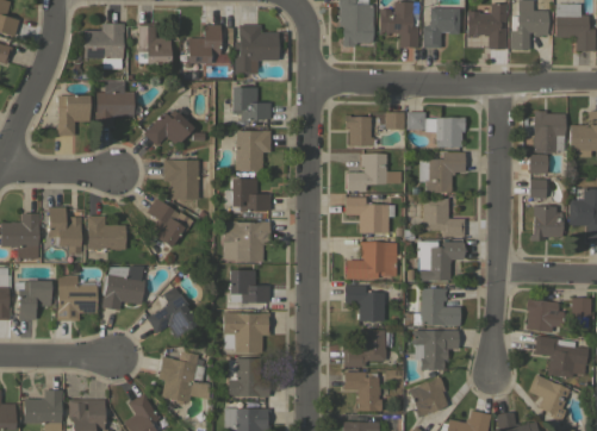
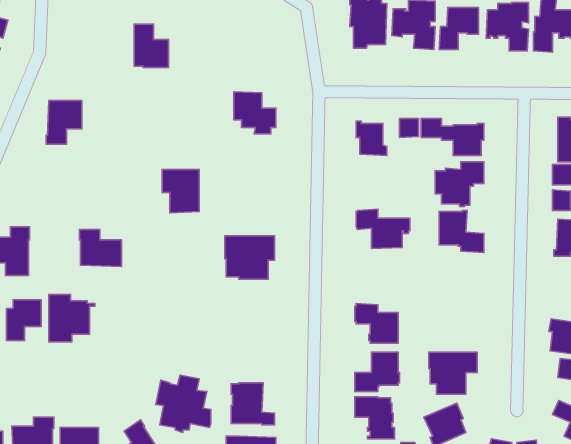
building: [85,23,124,68] -> none
building: [188,25,220,63] -> none
building: [235,25,279,74] -> none
building: [97,81,135,126] -> none
building: [144,110,194,146] -> none
building: [236,131,270,173] -> none
building: [348,154,402,190] -> none
building: [225,179,270,216] -> none
building: [147,198,194,248] -> none
building: [49,207,82,254] -> none
building: [347,242,397,279] -> none
building: [417,242,465,281] -> none
building: [101,267,145,311] -> none
building: [229,270,269,304] -> none
building: [405,286,460,326] -> none
building: [147,294,199,338] -> none
building: [223,311,270,354] -> none

